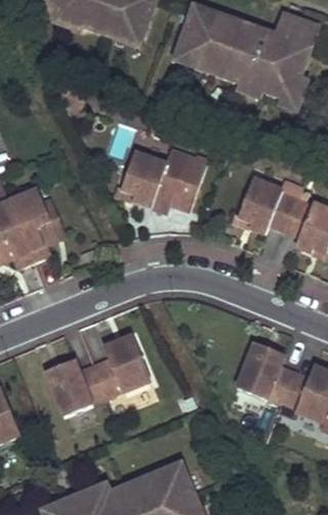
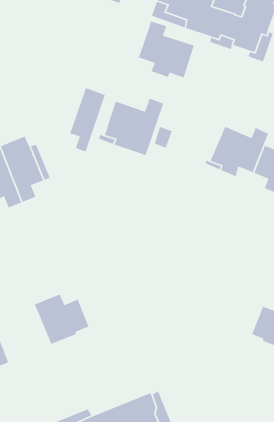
building: none -> [138,21,195,79]
building: none -> [69,87,106,152]
building: [94,336,151,395] -> none
building: [239,343,294,403] -> none

